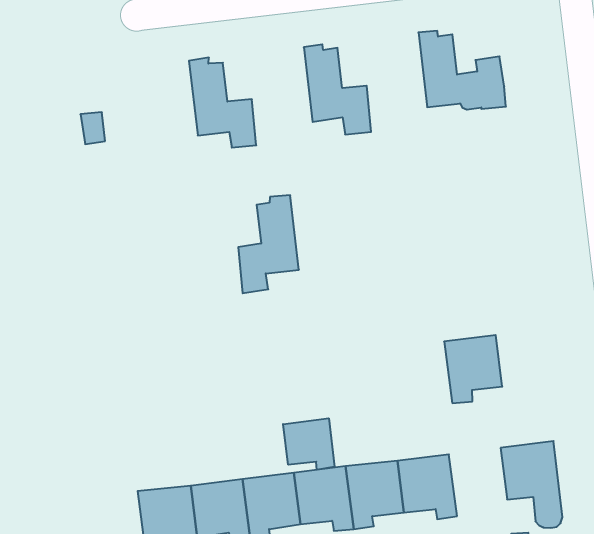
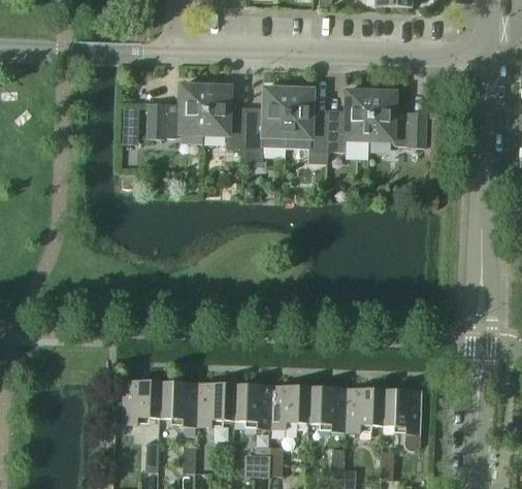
building: none -> [327,87,371,152]
building: none -> [141,80,206,139]
building: [238,195,299,293] -> [244,84,289,149]
building: [444,335,502,403] -> [346,388,384,433]
building: [283,418,335,470] -> none

